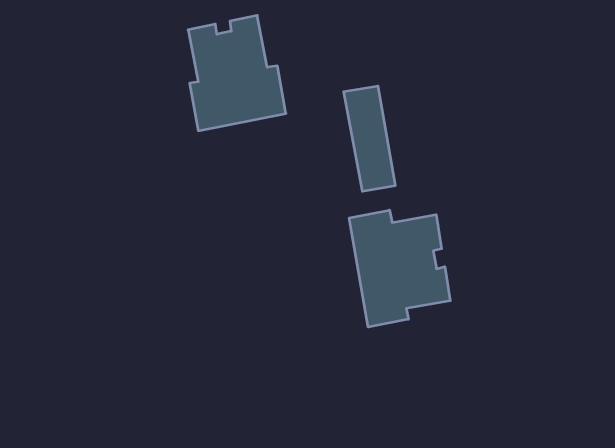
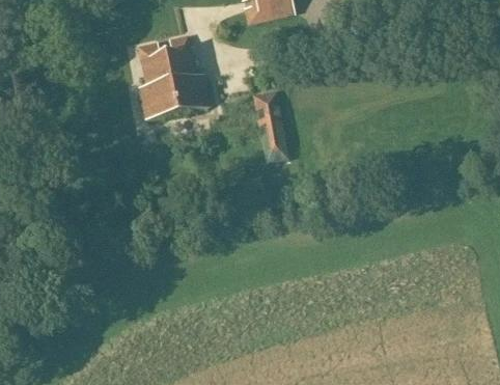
building: [349,210,450,327] -> none

